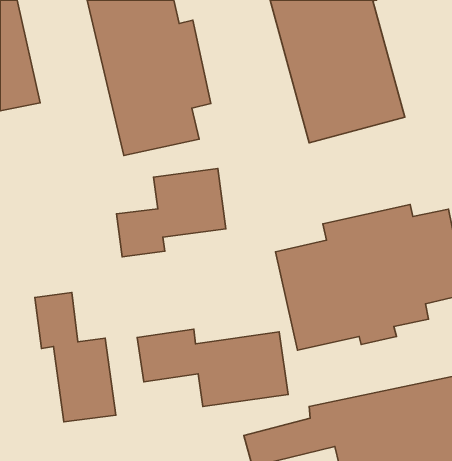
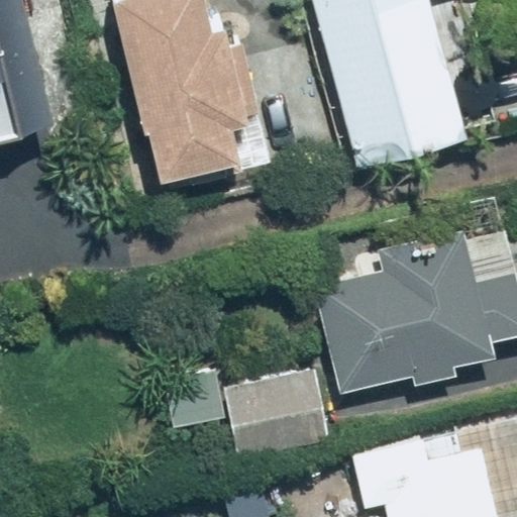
building: [116,168,226,257] -> none
building: [35,292,116,422] -> none

